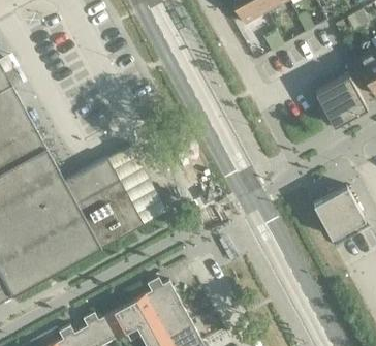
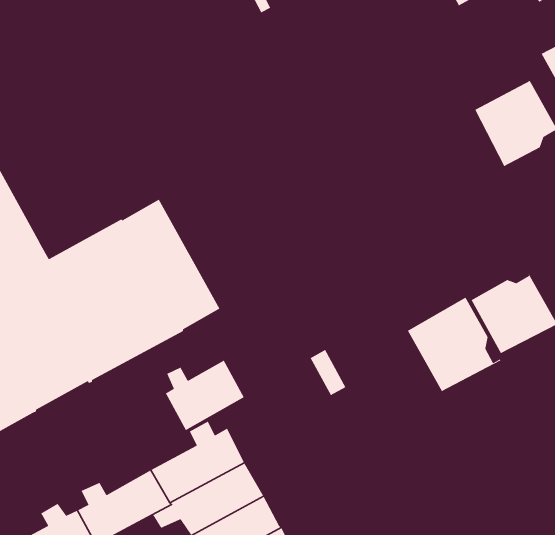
building: none -> [407,296,501,392]
building: none -> [165,360,245,431]

